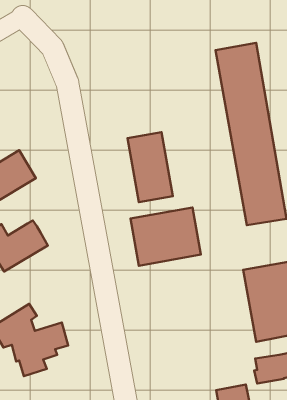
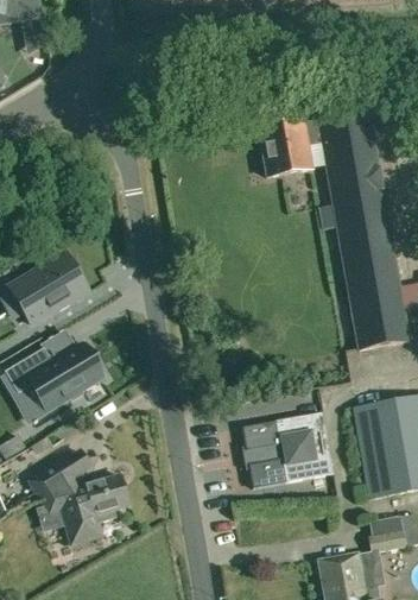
building: none -> [259,121,322,176]
building: [128,132,173,202] -> none
building: [131,207,201,266] -> [242,412,332,487]

